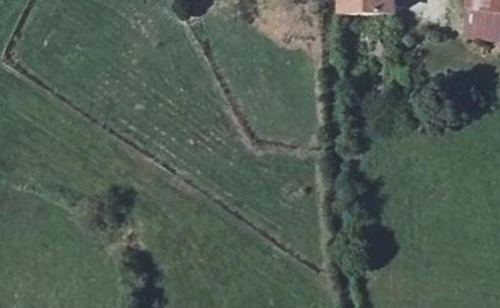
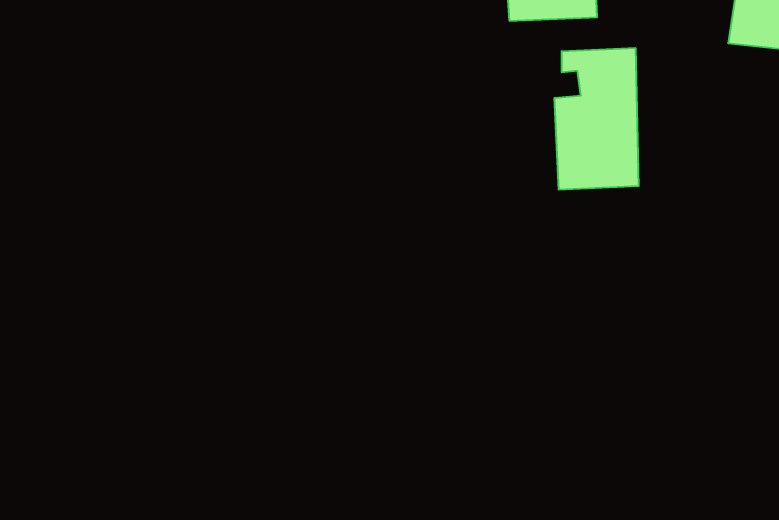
building: none -> [554,48,639,190]

